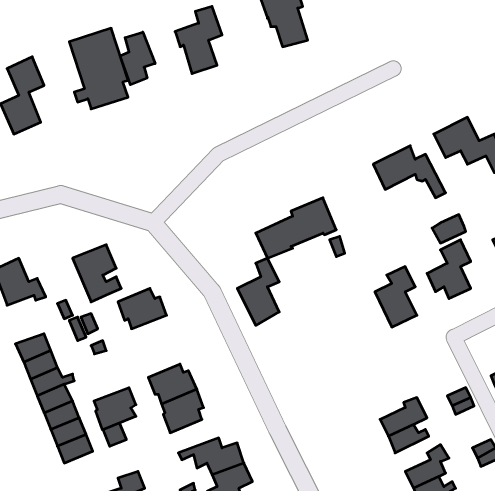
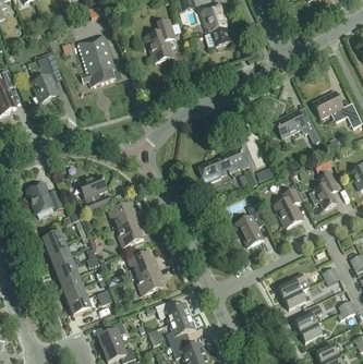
building: [120,32,155,85] -> none
building: [237,258,279,325] -> [235,203,263,246]
building: [94,388,136,430] -> [117,219,144,246]

